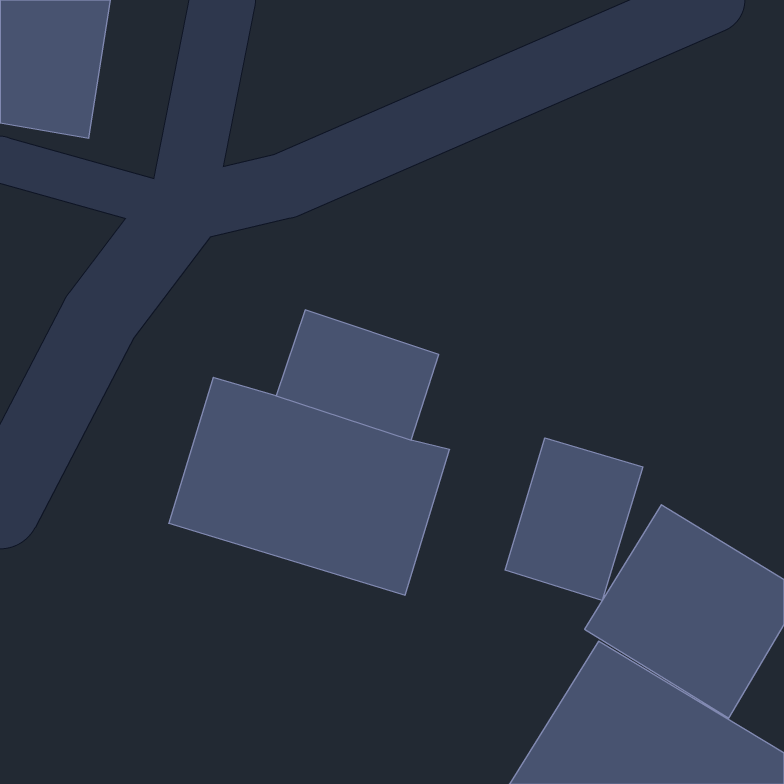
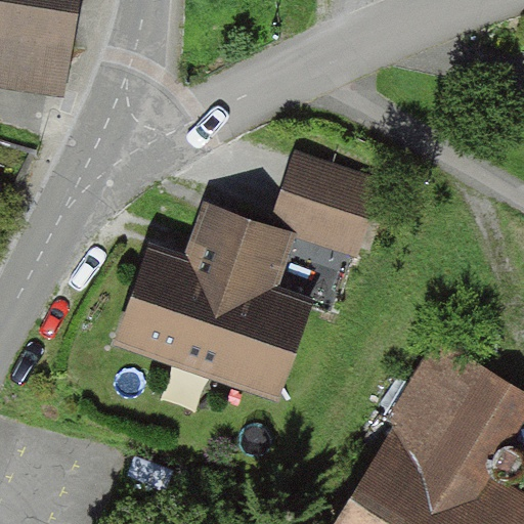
building: none -> [273,150,387,249]
building: [505,438,643,600] -> none

